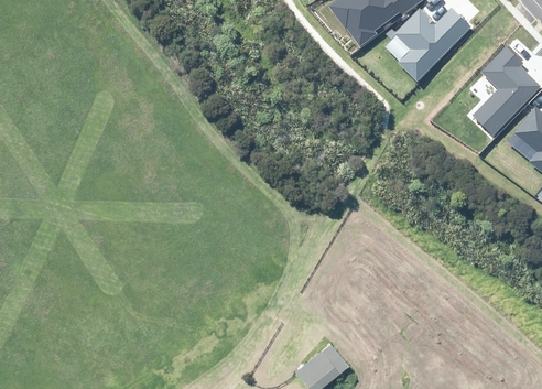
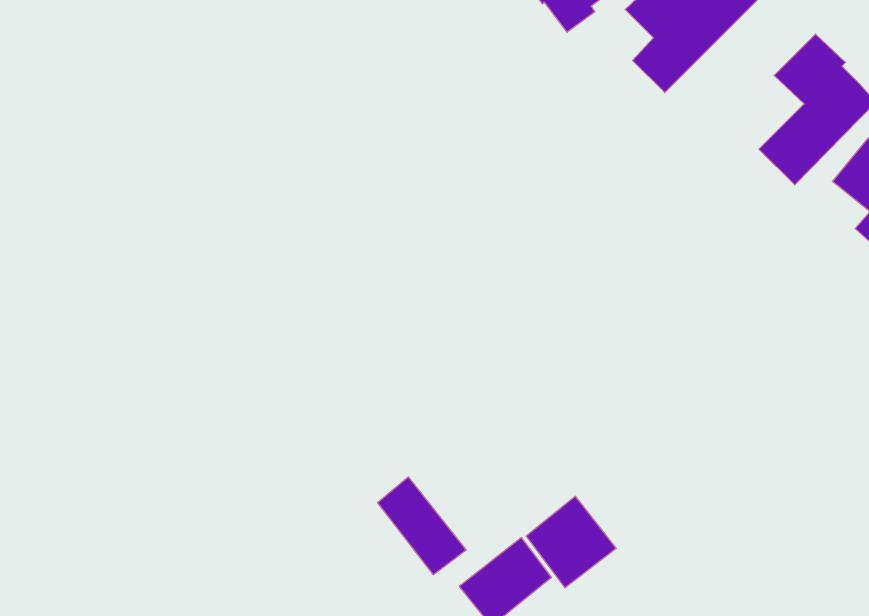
building: none -> [378,477,466,575]
building: none -> [526,496,616,588]

